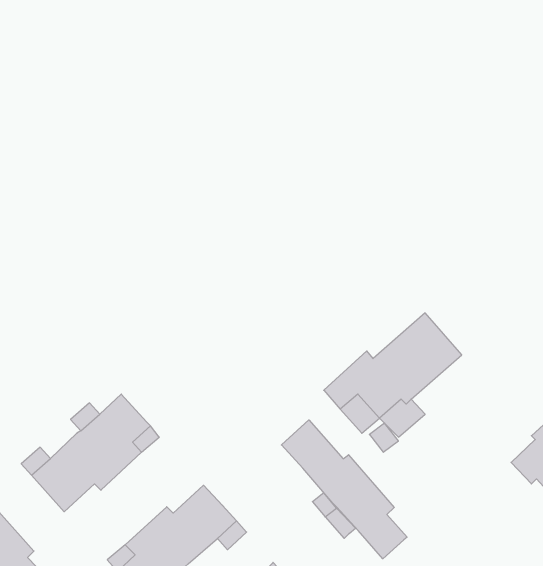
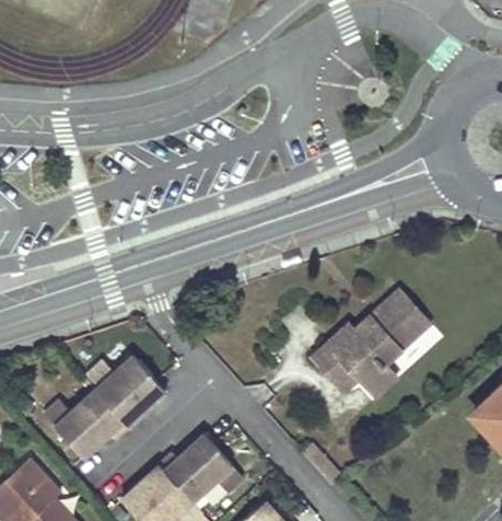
building: [281,420,407,559] -> none

